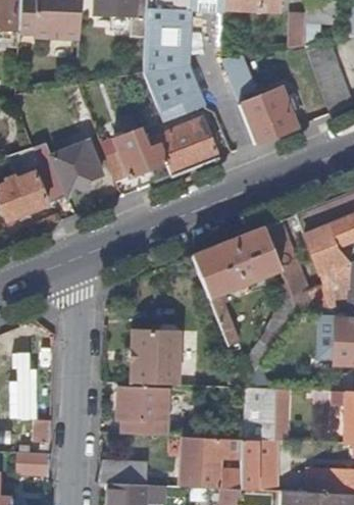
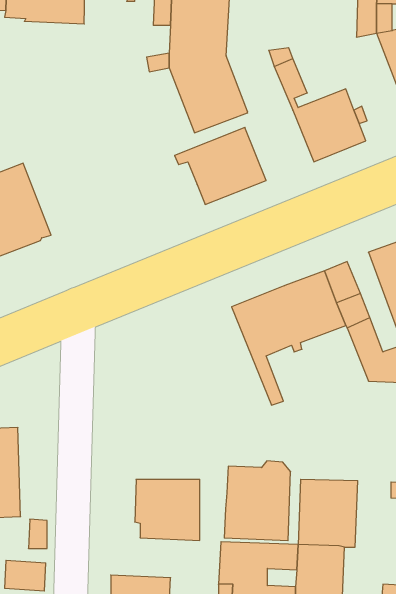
building: [102,128,166,182] -> none
building: [33,141,101,201] -> none
building: [131,324,182,386] -> [224,461,291,541]

